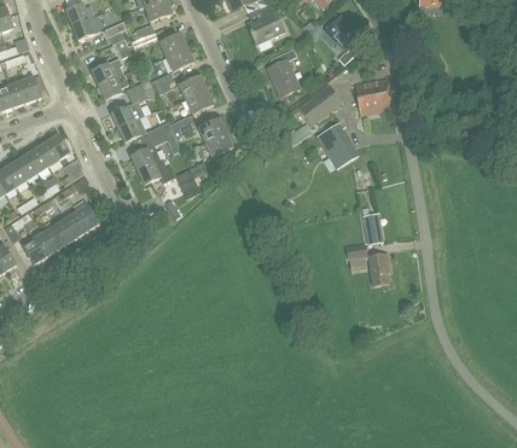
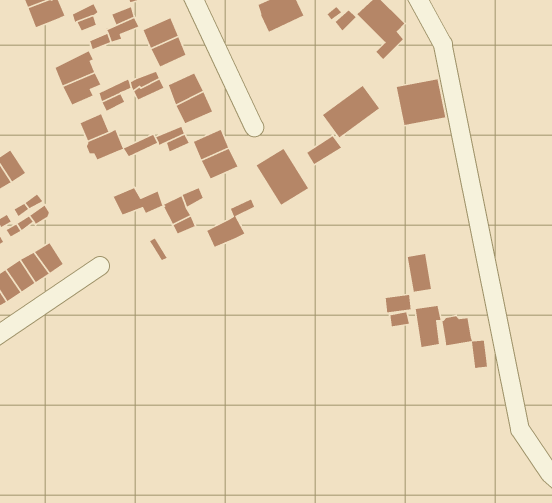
building: [267,48,300,95] -> none
building: [316,123,358,168] -> [256,148,309,206]
building: [130,130,168,169] -> [206,198,255,248]
building: none -> [441,316,488,369]

